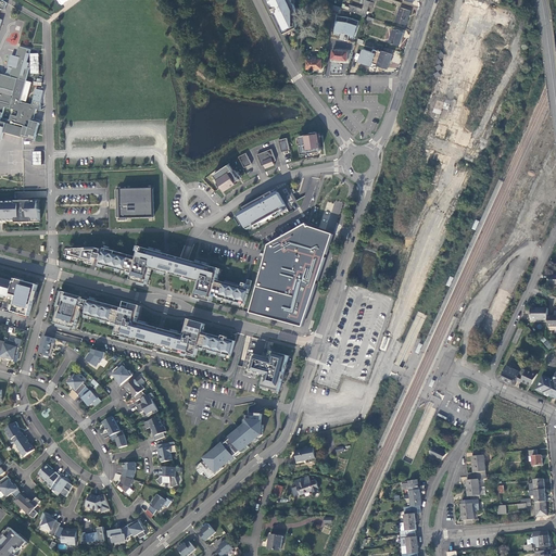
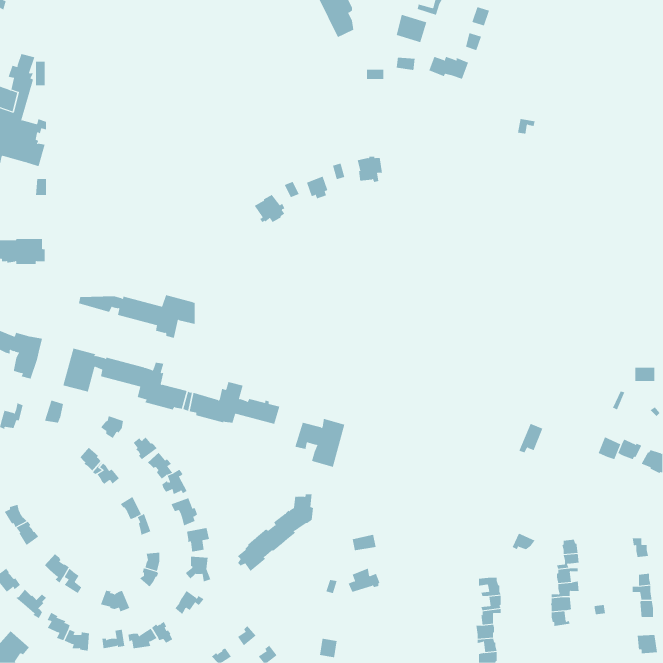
building: [114,185,152,218] -> none
building: [237,190,283,226] -> none
building: [251,222,333,326] -> none
building: [166,253,248,303] -> none

